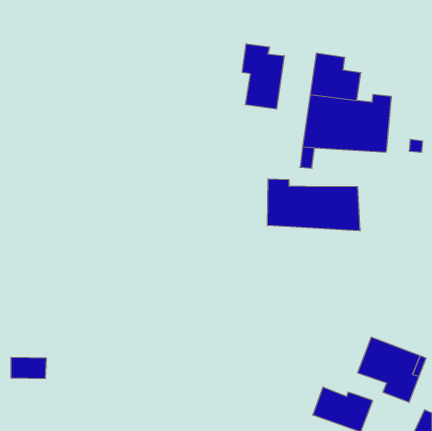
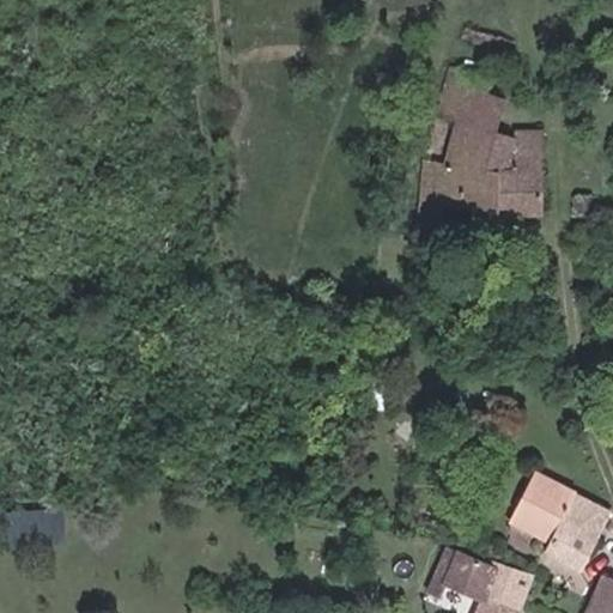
building: [242,44,284,109] -> none
building: [267,179,360,231] -> none

